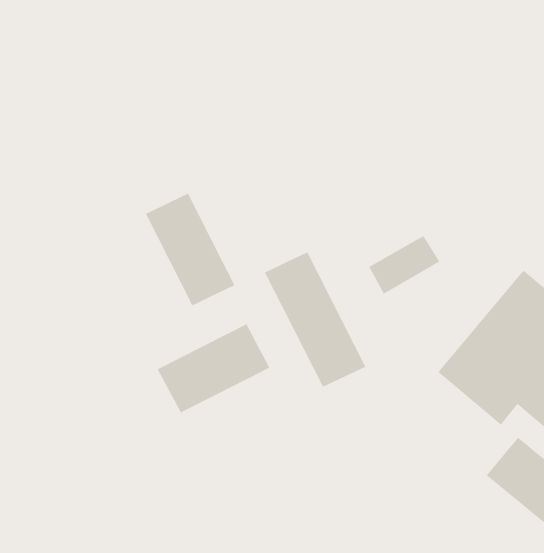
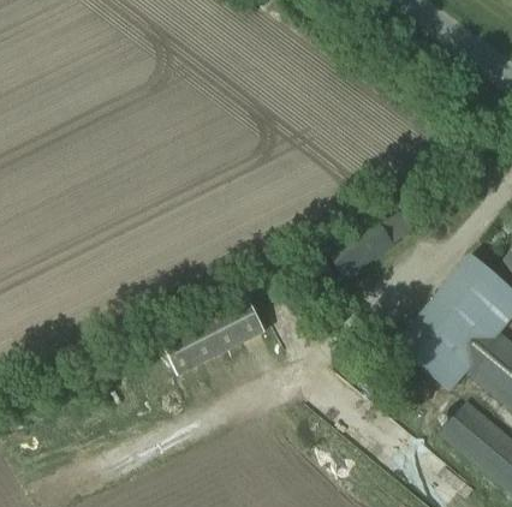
building: [145,193,235,306] -> none
building: [264,252,366,388] -> none

